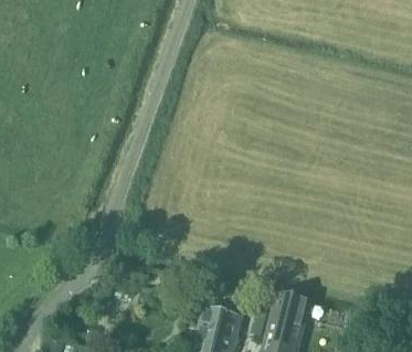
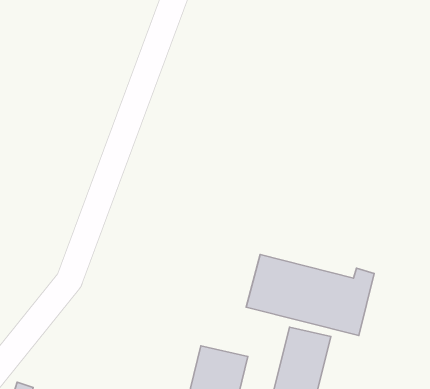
building: none -> [246,255,374,335]

